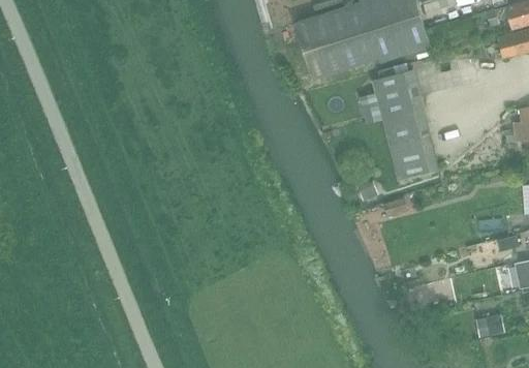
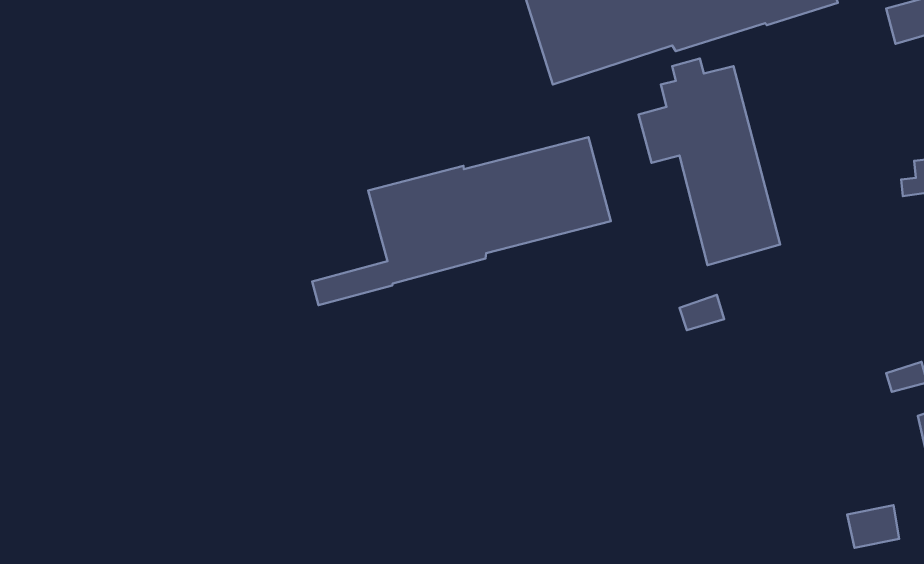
building: none -> [312,137,611,305]

